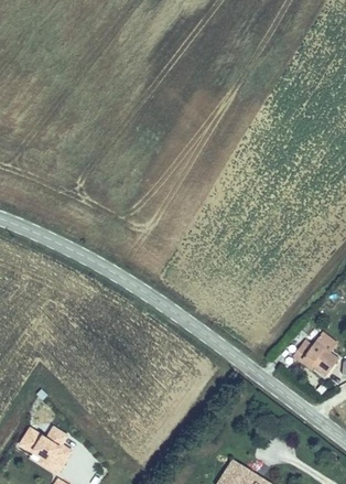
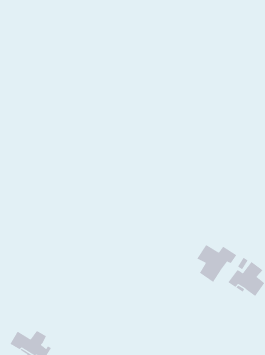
building: none -> [197,244,237,283]

